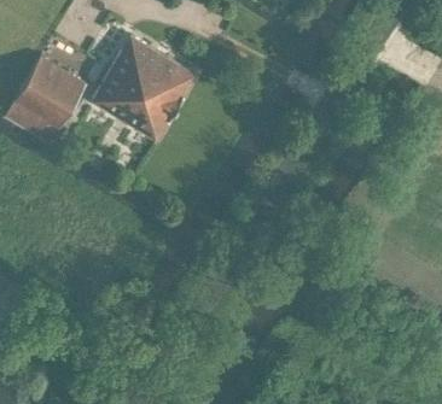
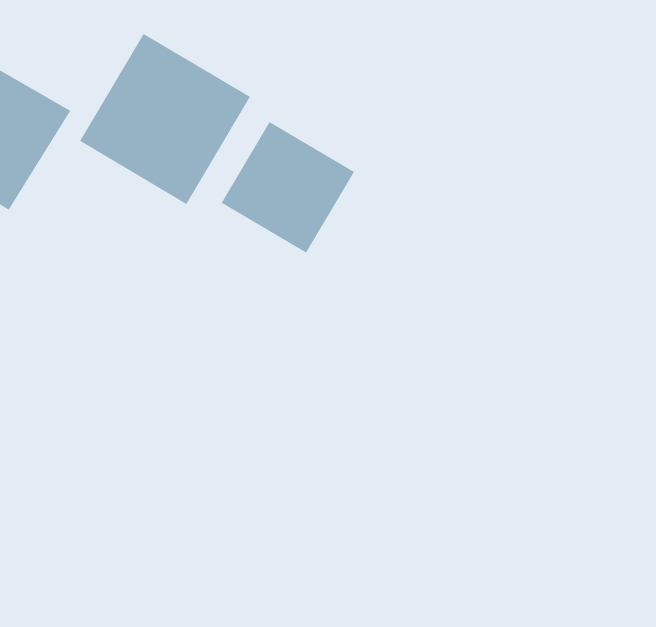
building: none -> [221,121,355,254]

